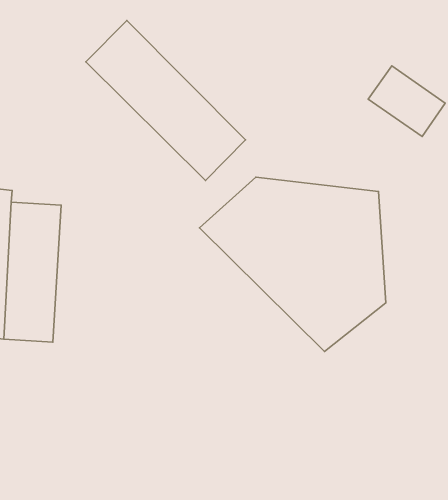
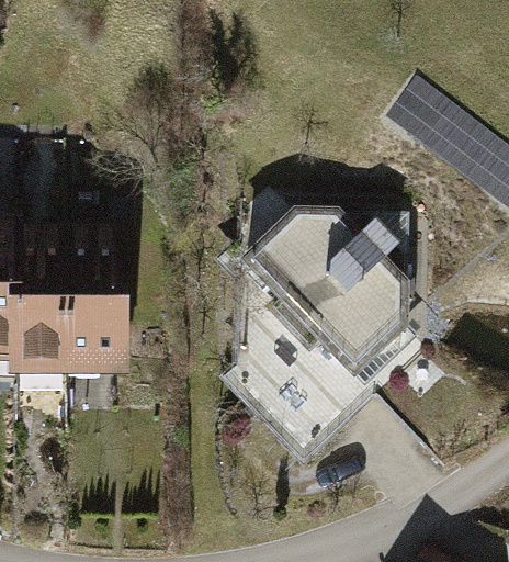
building: [86,21,246,180] -> none
building: none -> [60,233,131,381]

